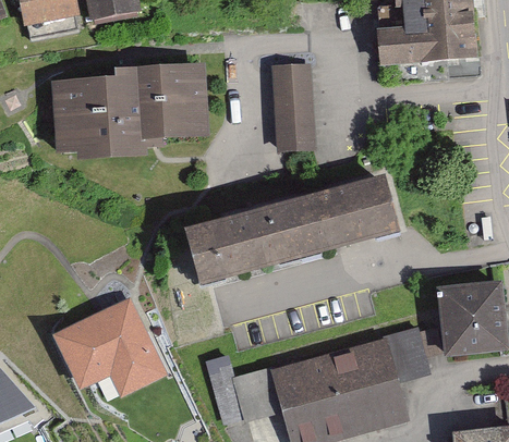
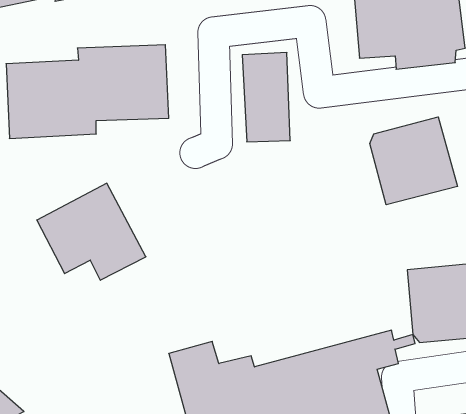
building: none -> [370,117,458,205]
building: [186,174,395,278] -> none
building: [64,309,171,404] -> [37,183,146,280]

